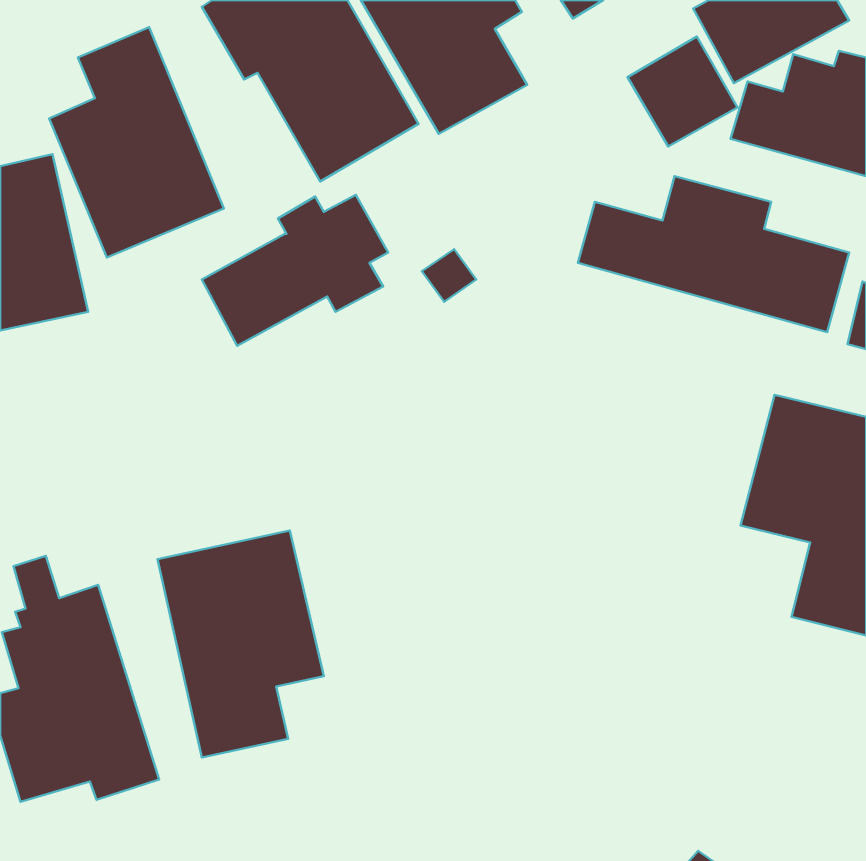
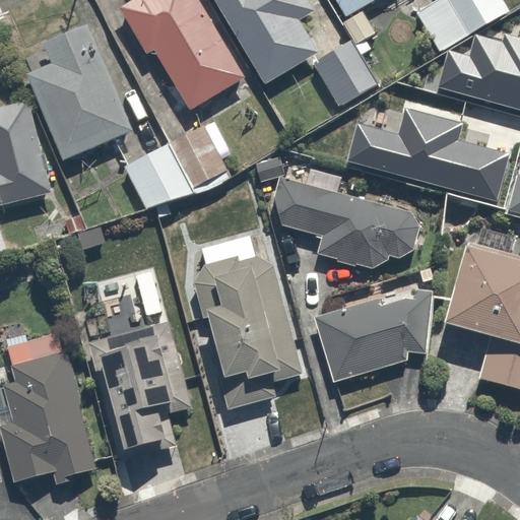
building: [627,36,738,147] -> [313,38,379,104]
building: none -> [273,179,414,267]
building: none -> [187,236,307,409]
building: none -> [312,297,439,383]

